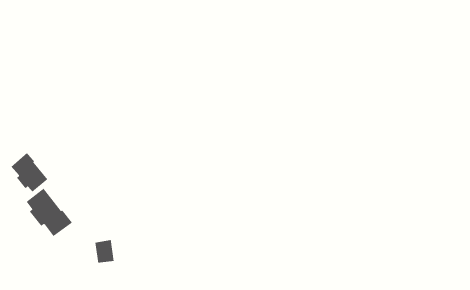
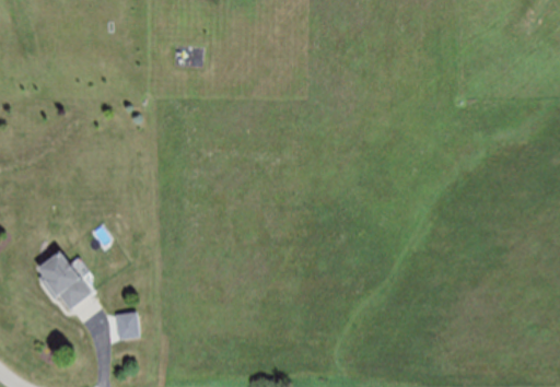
building: [11,152,48,192] -> none

